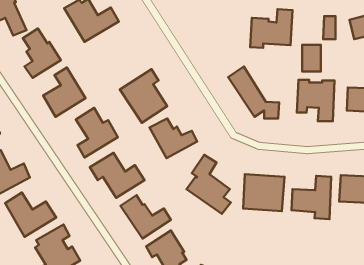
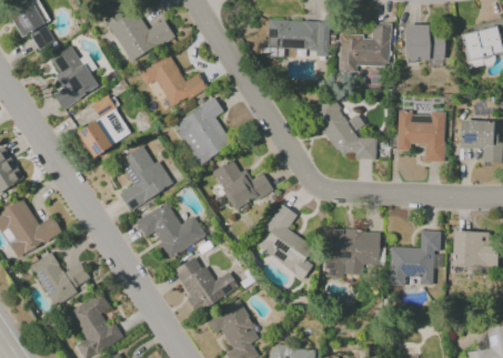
building: none -> [270,22,329,59]
building: none -> [141,55,208,113]
building: [302,45,321,71] -> [406,25,430,59]

